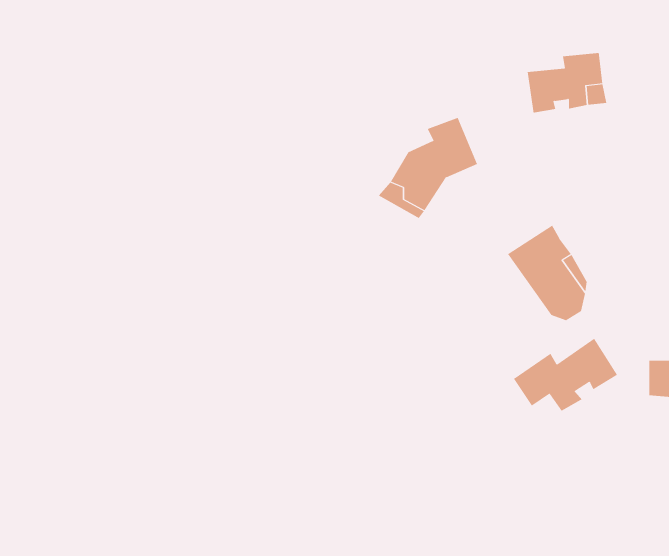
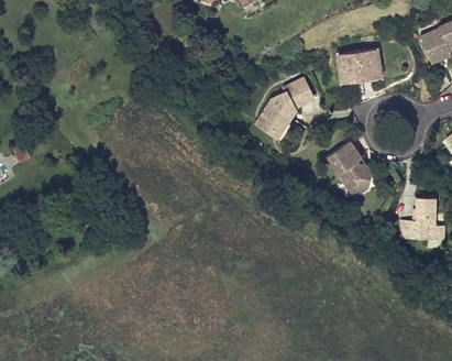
building: [513,338,618,411] -> none

